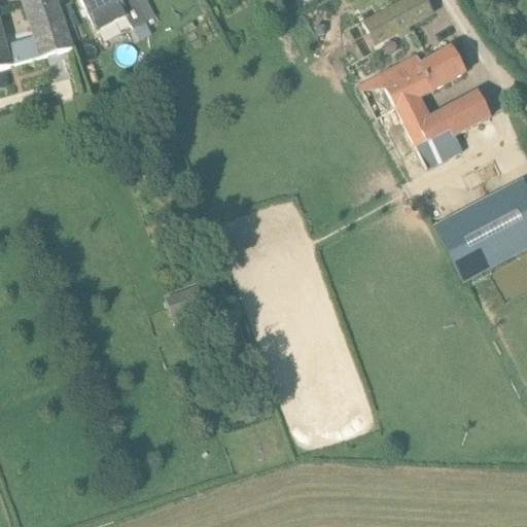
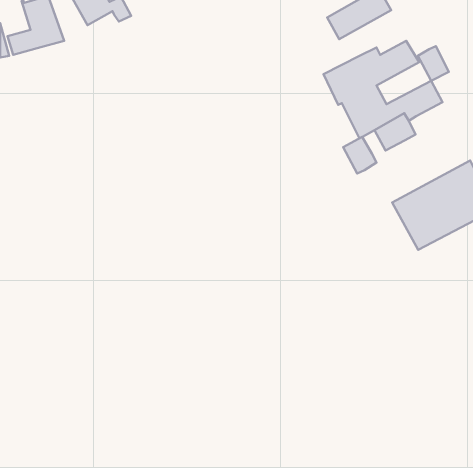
building: none -> [418,46,449,81]
building: none -> [343,137,377,174]

